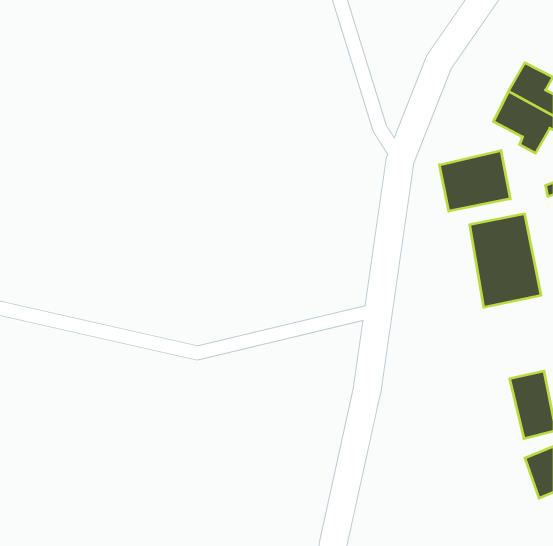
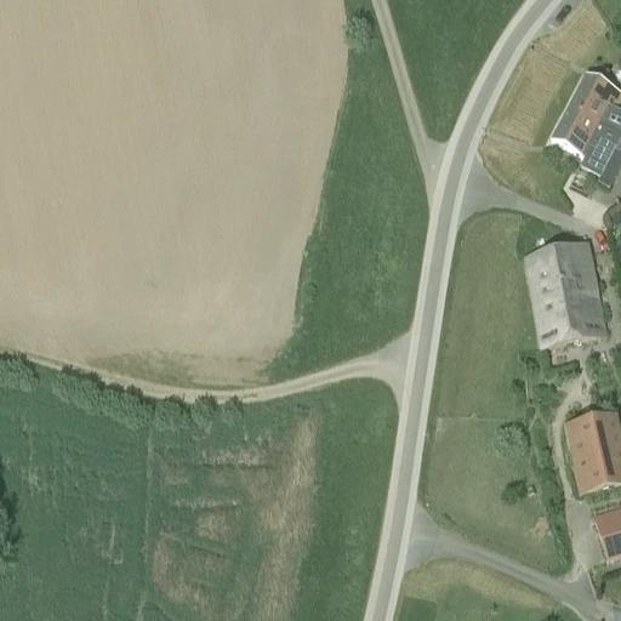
building: [439,150,510,211] -> none

